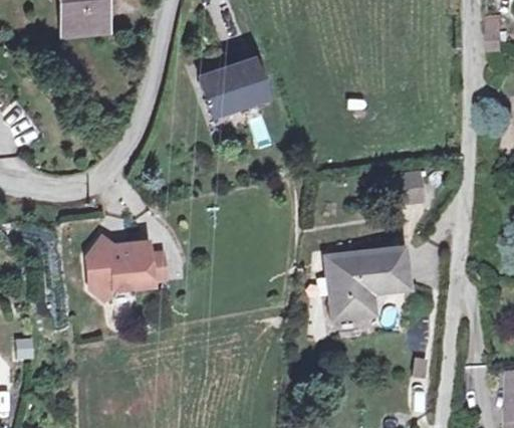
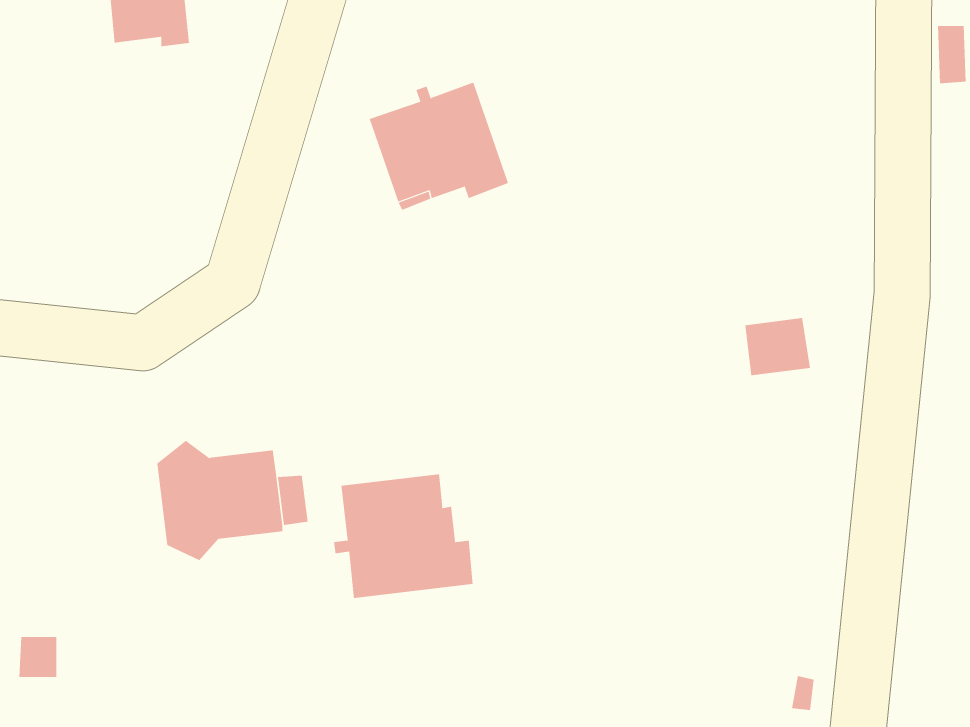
building: [328,249,409,318] -> none
building: none -> [333,474,473,599]

